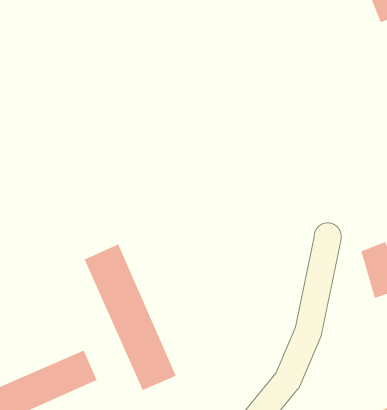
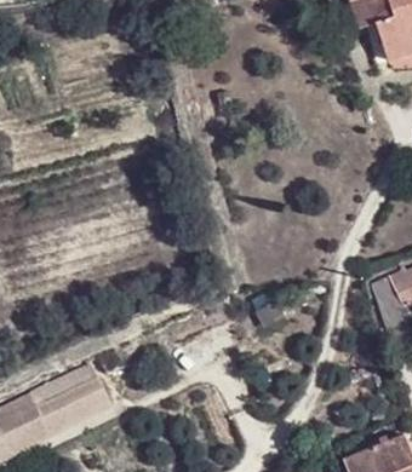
building: [84,243,176,391] -> none

